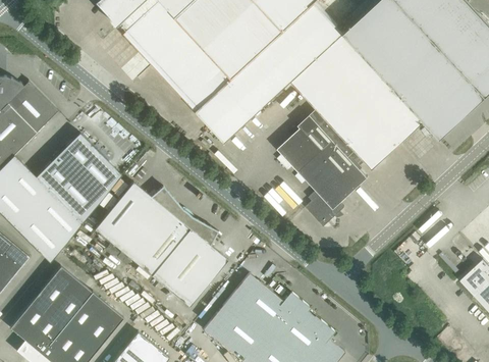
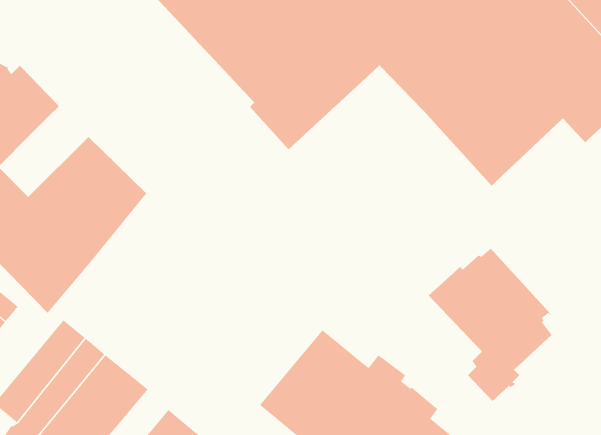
building: [277,115,368,227] -> [428,248,553,402]
building: [95,183,228,308] -> none

